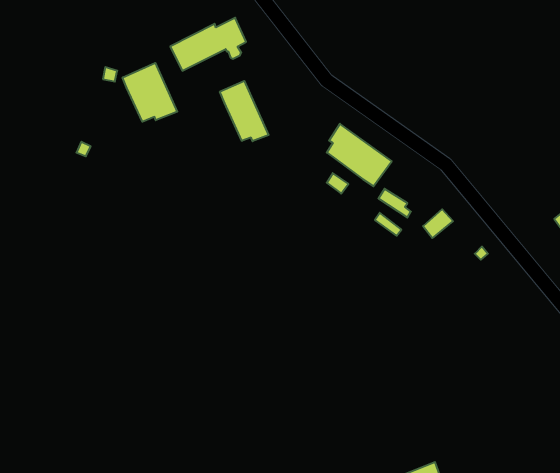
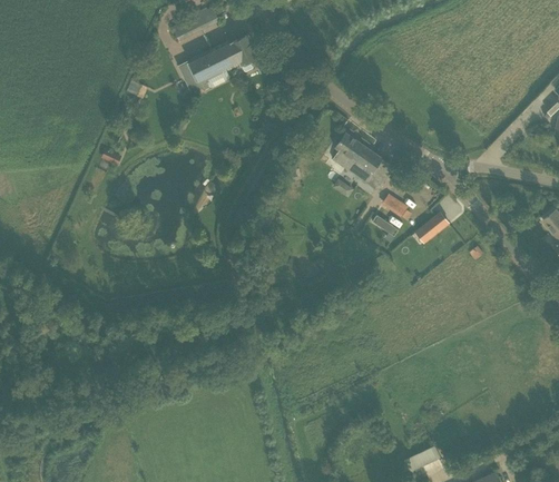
building: [123,63,177,122] -> none
building: [220,81,269,141] -> none

